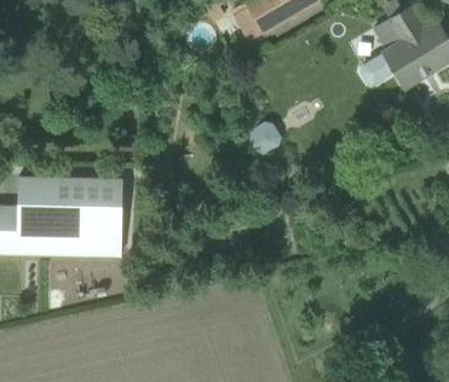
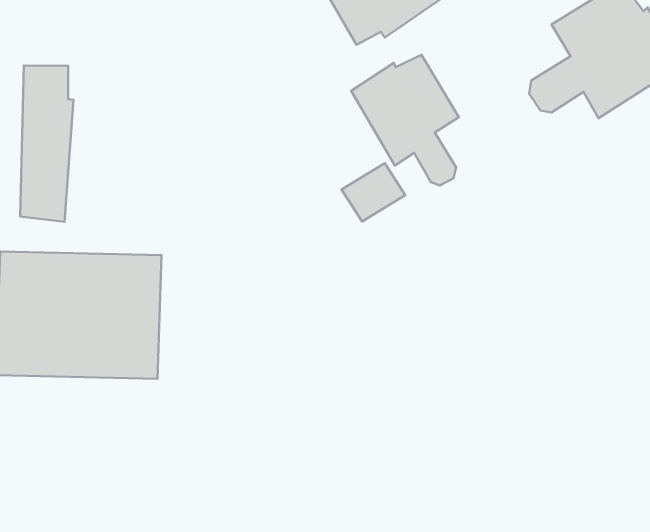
building: none -> [351,55,459,186]
building: none -> [20,65,73,222]

